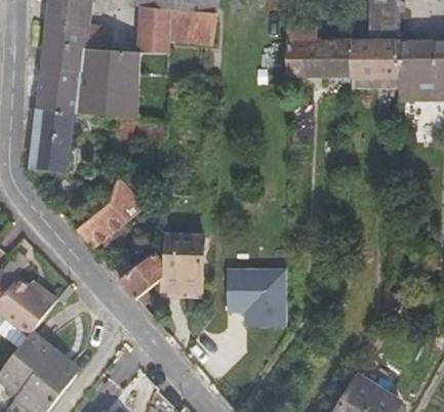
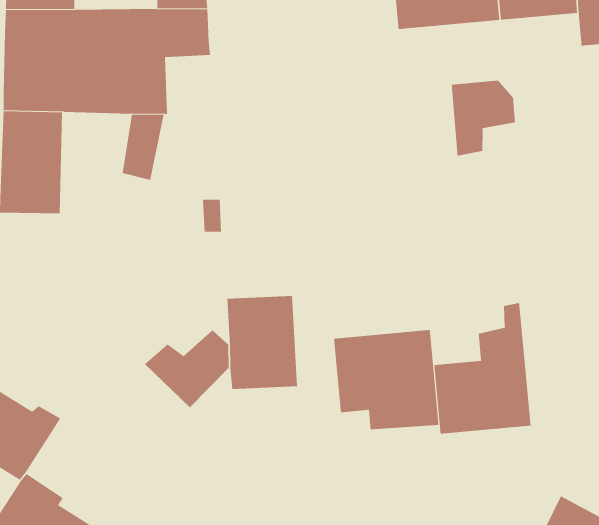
building: none -> [451,80,515,156]
building: [76,175,146,250] -> none
building: none -> [434,302,531,435]

